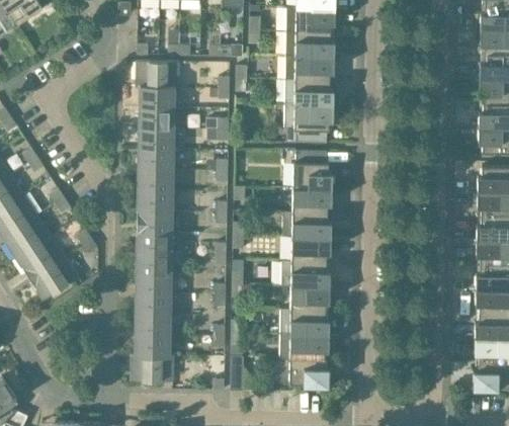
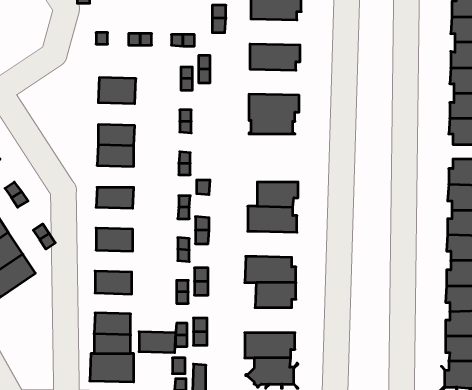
building: [285,31,334,57] -> none
building: [136,62,178,89] -> none
building: [284,80,334,105] -> none
building: [139,112,174,135] -> none
building: [292,151,332,189] -> none
building: [138,173,173,194] -> none
building: [137,214,172,235] -> none
building: [291,237,331,262] -> none
building: [136,255,172,276] -> none
building: [136,296,171,317] -> [139,332,176,353]
building: [280,311,329,335] -> none

